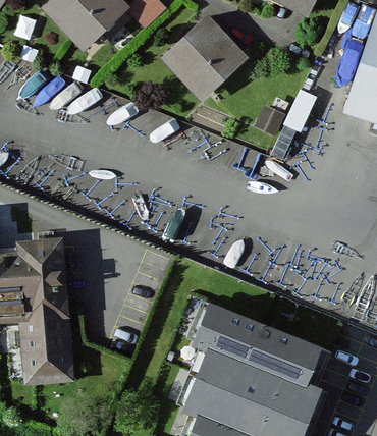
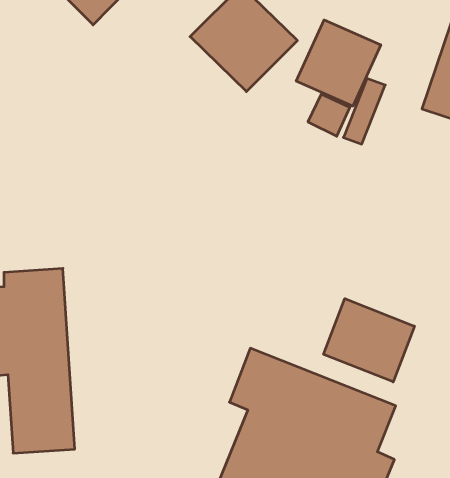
building: none -> [296,20,381,106]
building: none -> [324,299,414,382]

